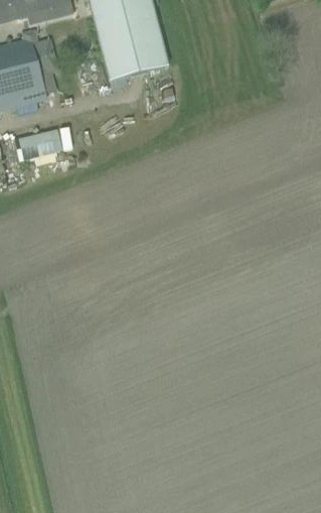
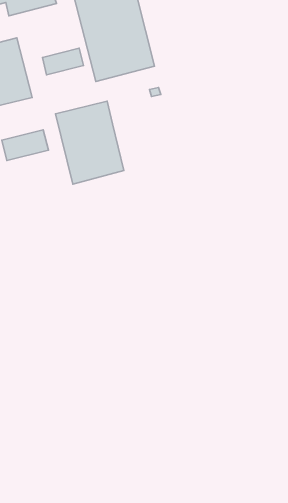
building: none -> [42,48,83,75]
building: none -> [56,101,124,184]

